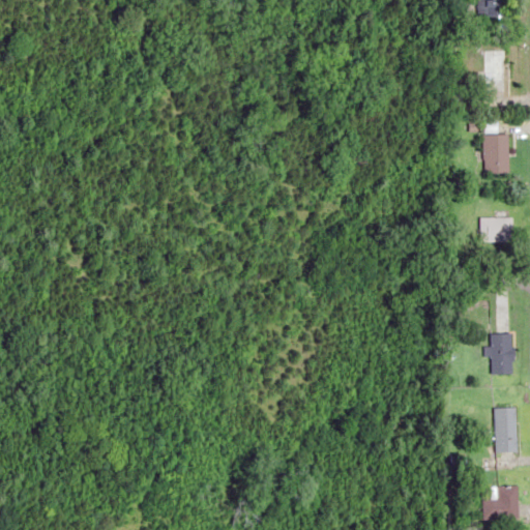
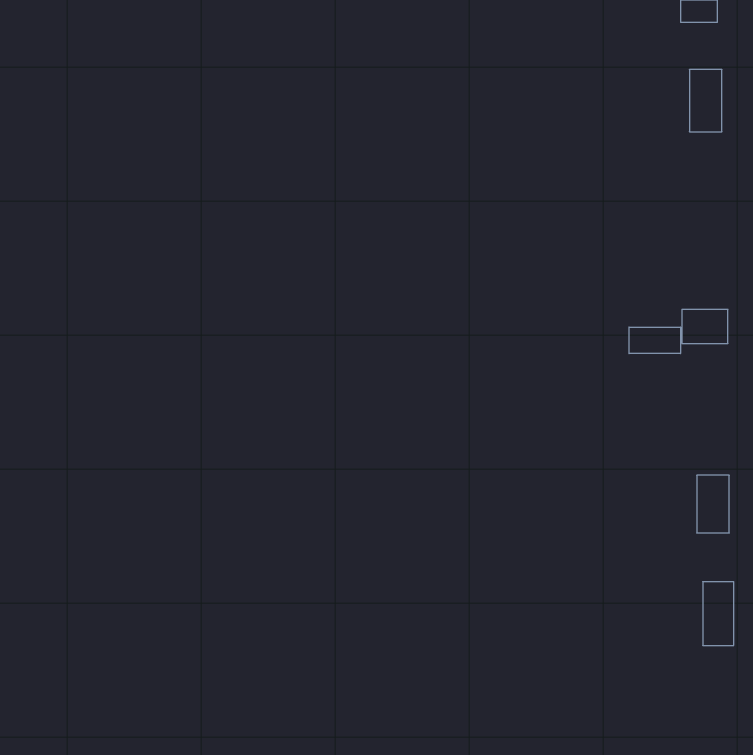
building: [483,135,508,174] -> none
building: none -> [629,327,680,354]
building: [483,487,519,520] -> none

